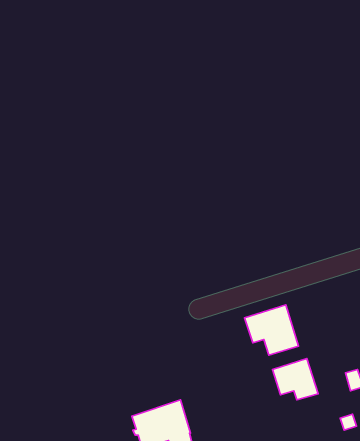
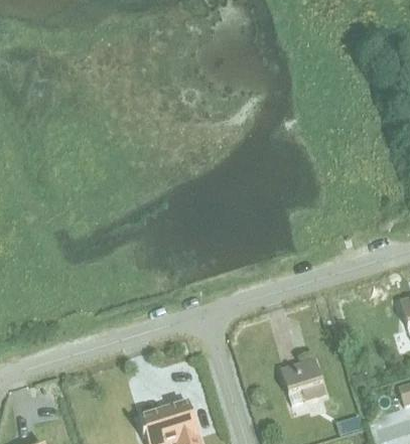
building: [244,305,298,355] -> none

